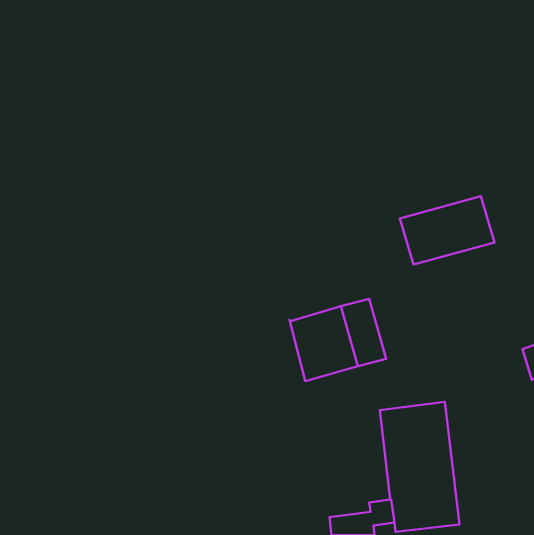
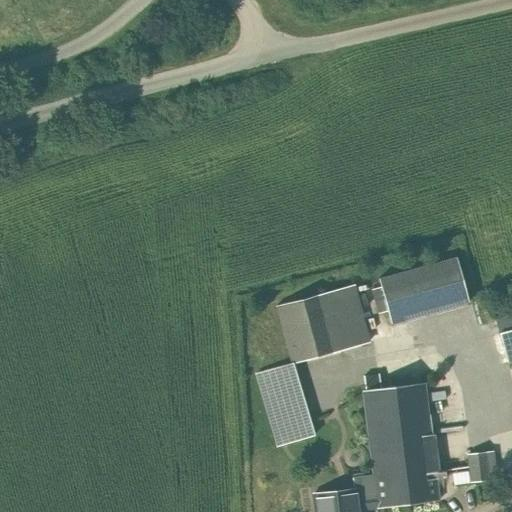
building: [400,196,494,264] -> [380,257,470,322]
building: none -> [258,363,315,445]
building: none -> [469,451,498,482]

